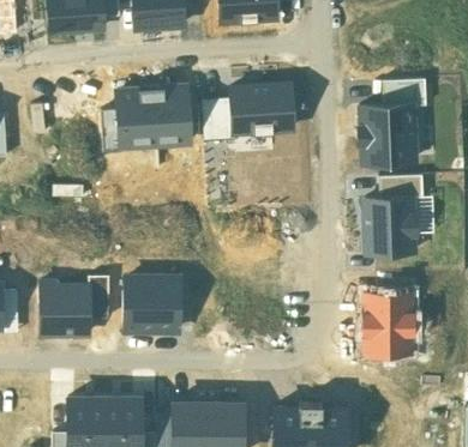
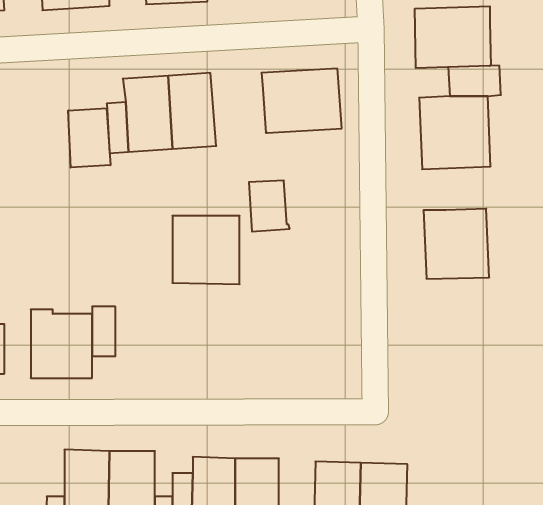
building: none -> [415,6,491,68]
building: [202,98,235,140] -> [249,181,290,232]
building: none -> [68,108,110,168]
building: [380,175,422,198] -> none
building: [125,276,180,332] -> [172,216,240,284]
building: [364,292,413,355] -> none

